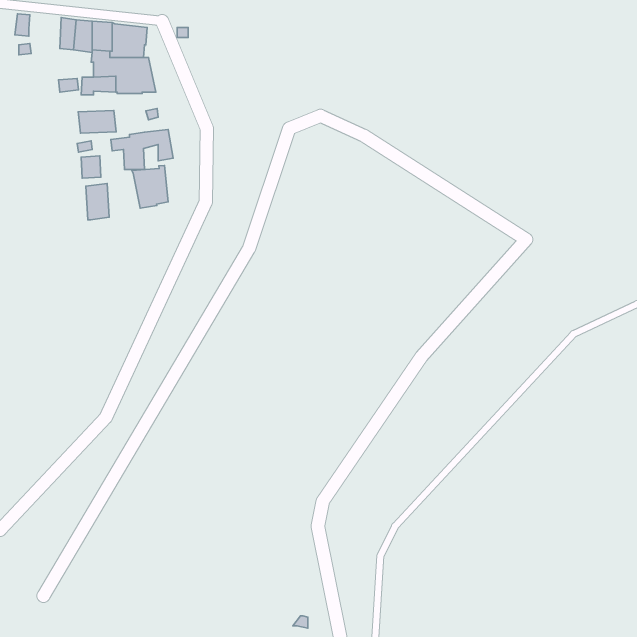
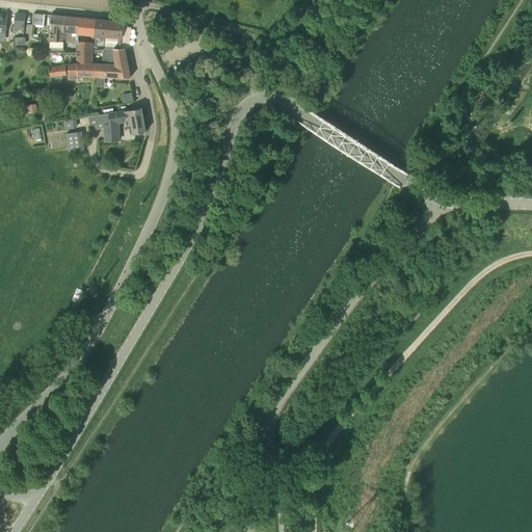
building: [78,110,116,133] -> none
building: [132,165,168,208] -> none
building: [86,183,109,220] -> none

